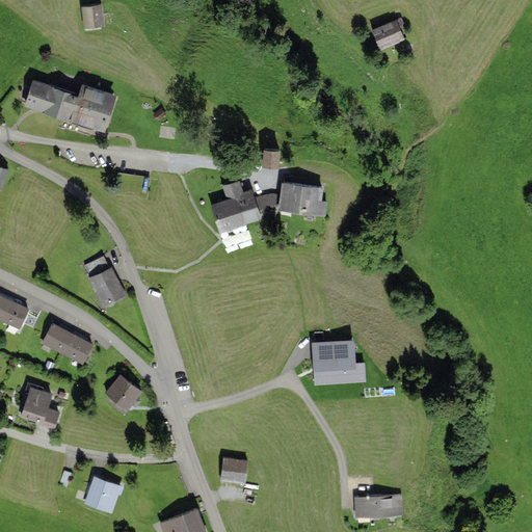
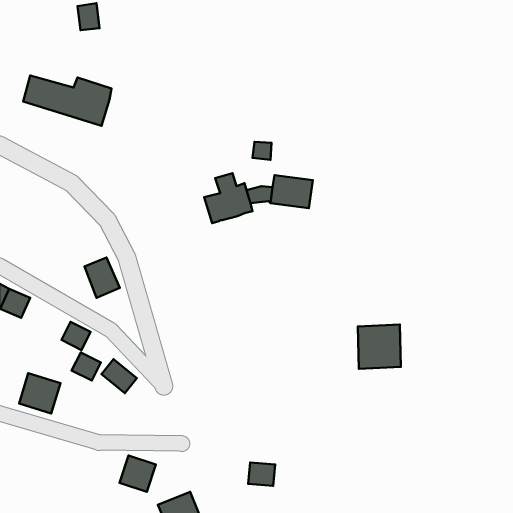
building: [375,21,405,49] -> none
building: [43,323,73,352] -> [72,352,101,381]
building: [311,338,355,383] -> [358,325,401,369]
building: [220,459,248,483] -> [248,463,275,486]
building: [84,476,122,513] -> [120,456,156,492]
building: [353,497,400,520] -> none

